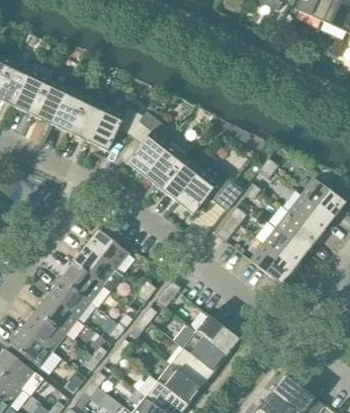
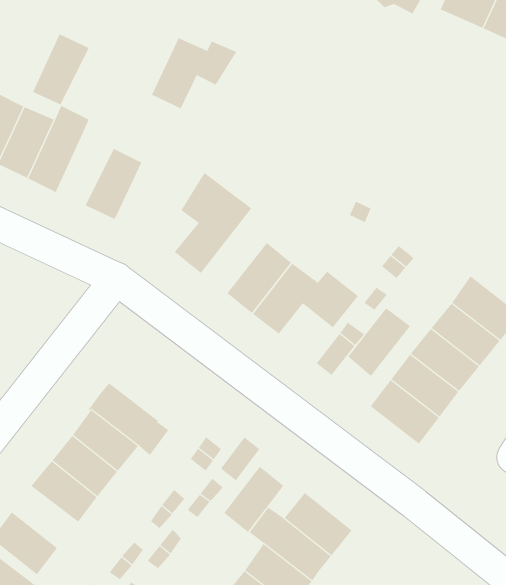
building: [51,88,87,134] -> [32,33,90,105]
building: [88,106,143,152] -> [151,38,237,109]
building: [143,136,191,189] -> none
building: none -> [348,308,411,377]
building: [84,229,128,270] -> none
building: none -> [223,466,284,533]
building: [22,312,65,351] -> none

